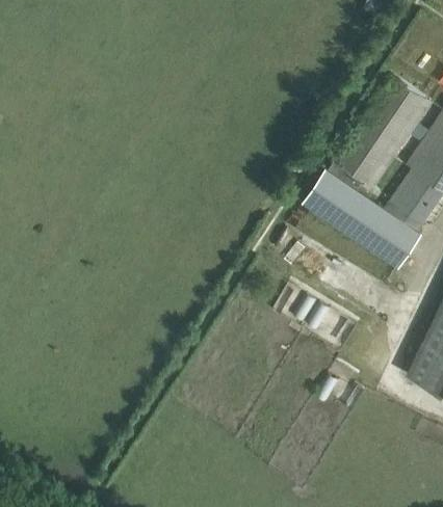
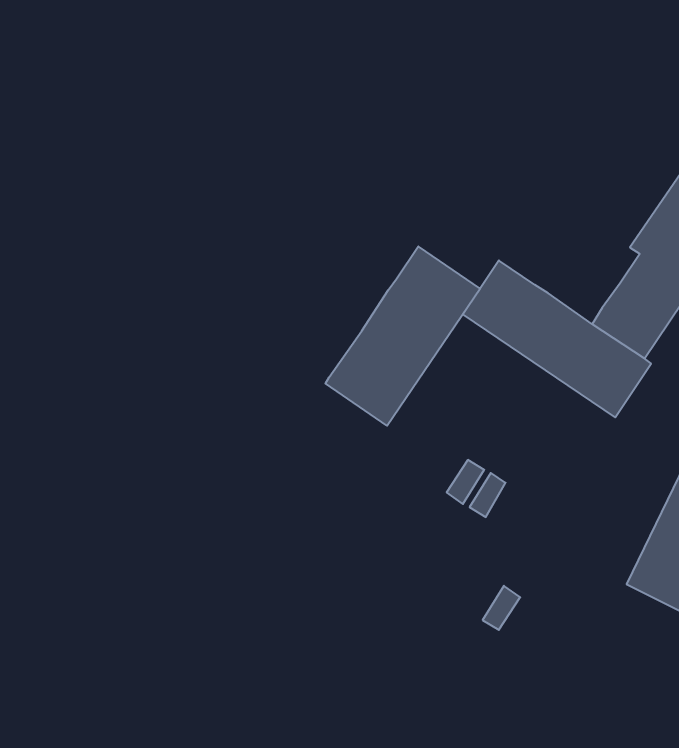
building: [333,76,432,190] -> none
building: none -> [325,246,480,426]

